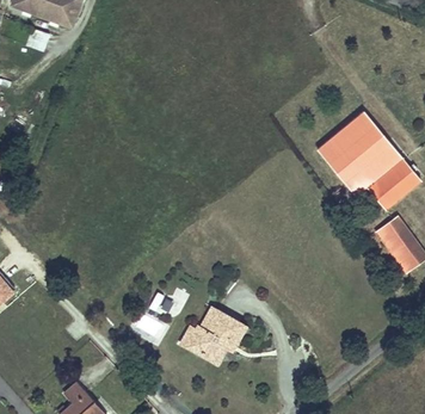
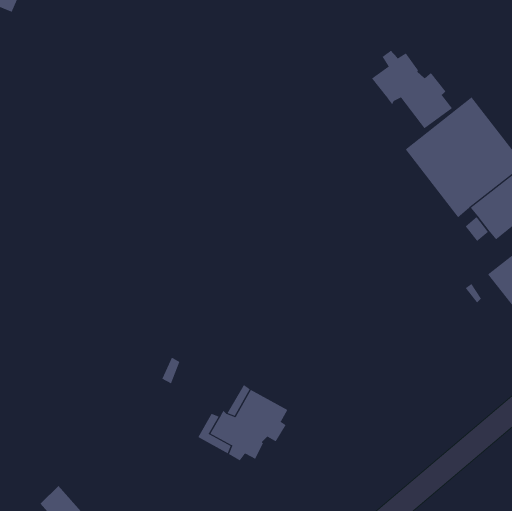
building: none -> [371,50,453,129]

